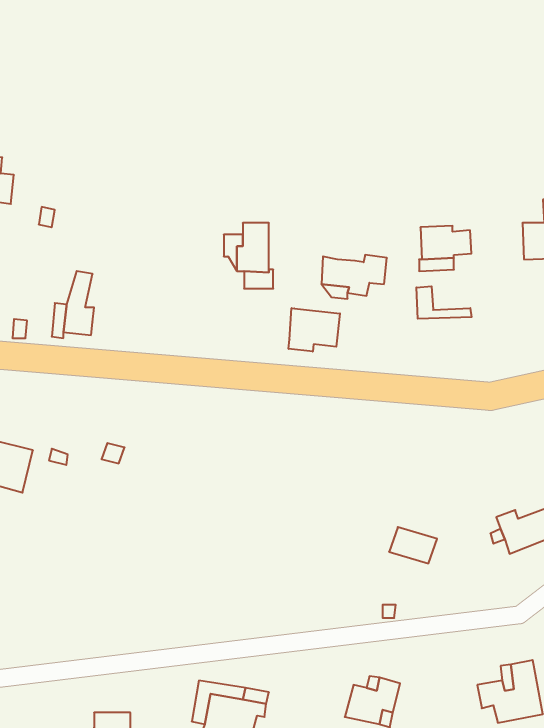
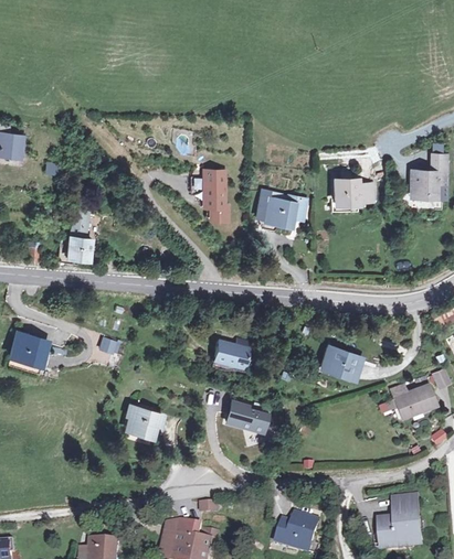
building: [416,286,472,319] -> none
building: [289,308,340,352] -> none
building: none -> [211,341,247,369]
building: [389,527,437,563] -> [326,353,362,380]
building: none -> [224,402,266,434]
building: none -> [128,404,166,438]

